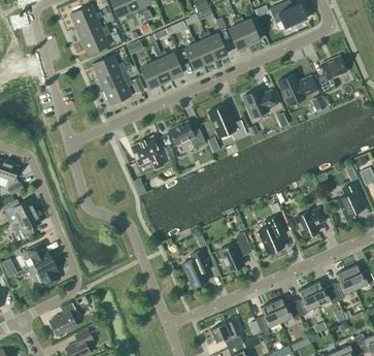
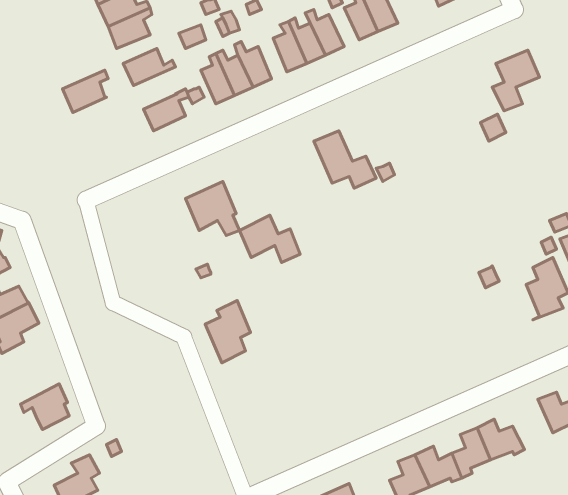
building: [98,66,126,92] -> [63,70,108,112]
building: [277,74,317,105] -> none
building: [243,90,276,119] -> none
building: [168,121,205,150] -> [240,215,300,262]
building: [295,207,326,238] -> none
building: [258,215,284,254] -> none
building: [218,233,251,271] -> none
building: [21,241,53,272] -> none
building: [182,250,210,288] -> [205,300,251,363]
building: [330,269,354,300] -> none

